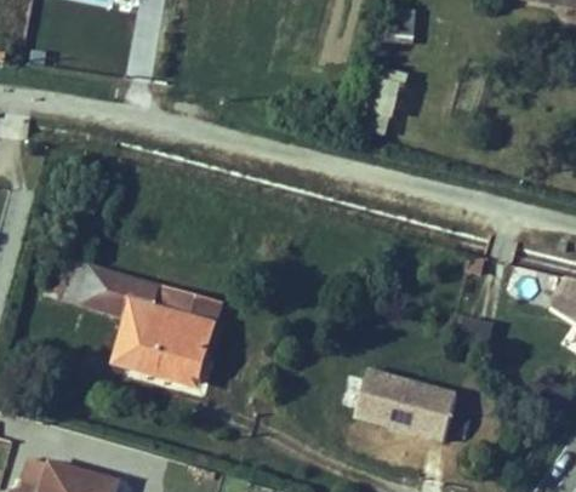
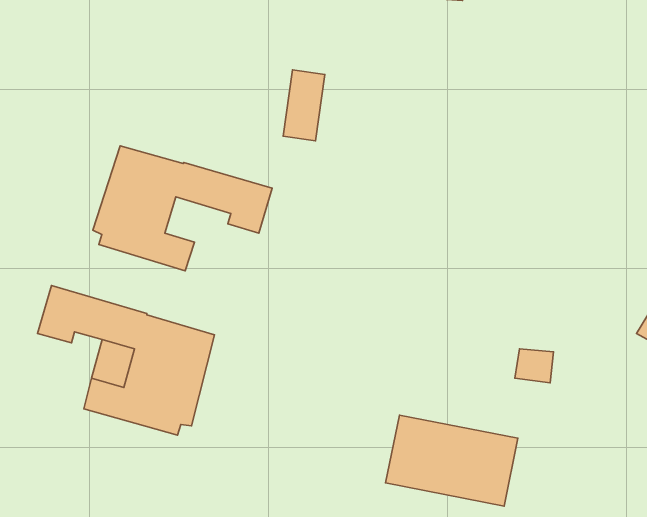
building: [370,65,403,121] -> [283,70,325,141]
building: none -> [93,146,272,271]

